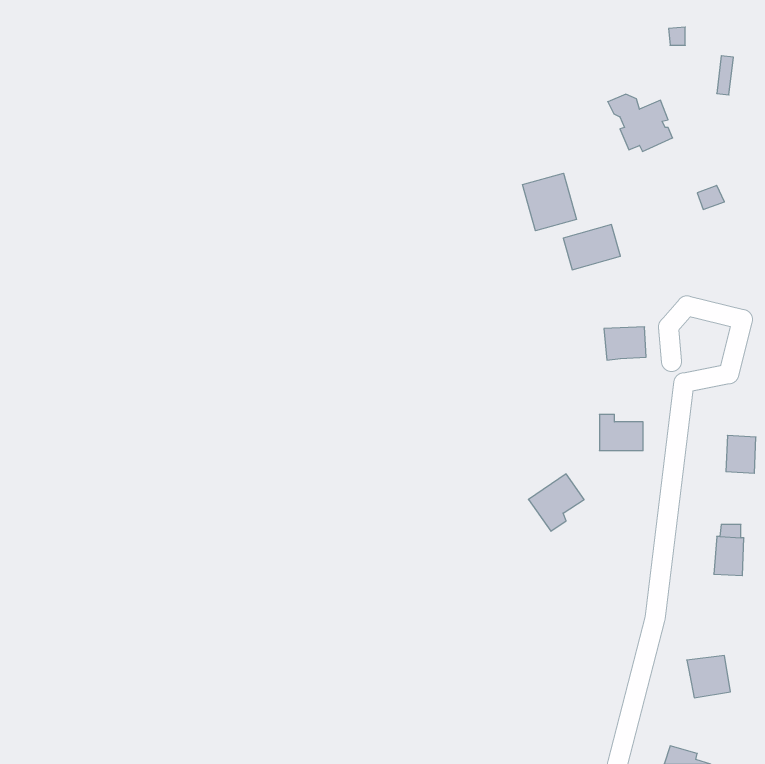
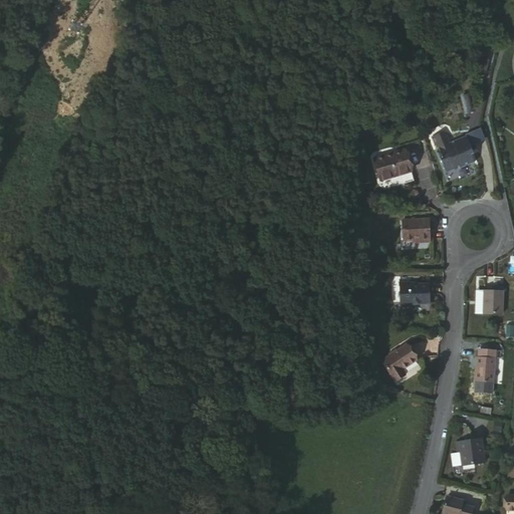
building: [608,94,673,151] -> [429,134,472,172]
building: [523,173,576,231] -> none
building: [528,474,584,531] -> [380,345,418,383]

